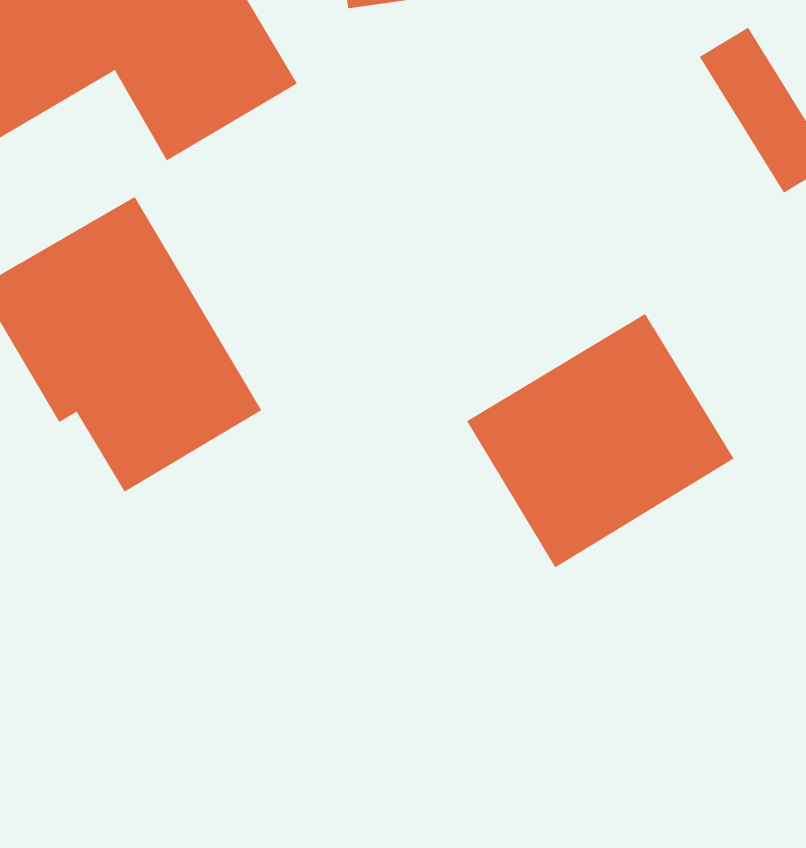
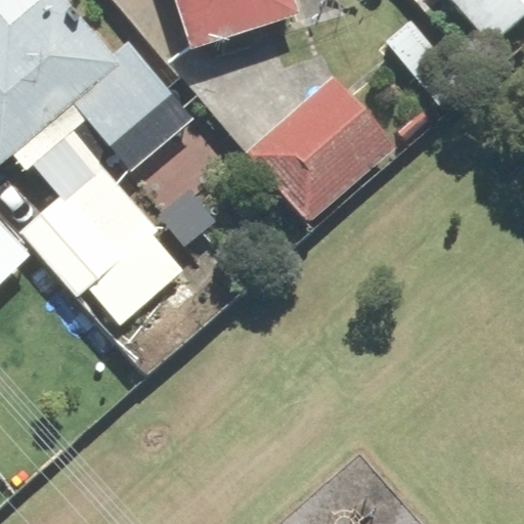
building: [466,313,734,568] -> [247,78,392,221]

